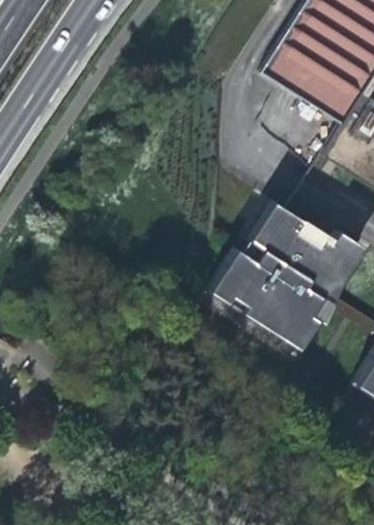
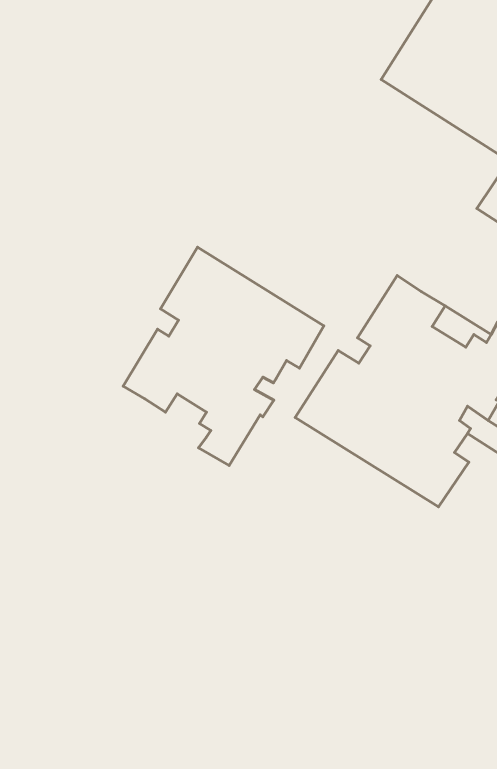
building: none -> [123,247,324,466]

